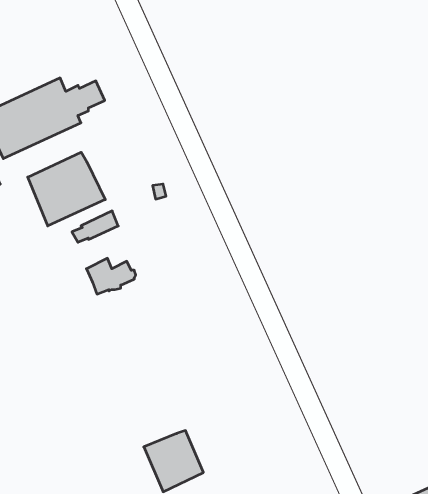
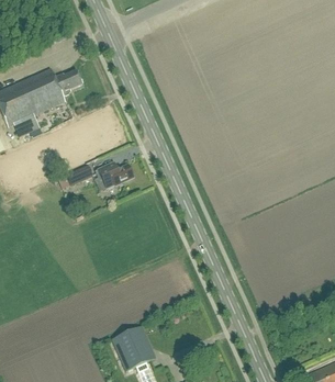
building: [28,152,105,226] -> none
building: [86,258,136,294] -> [98,161,134,188]

